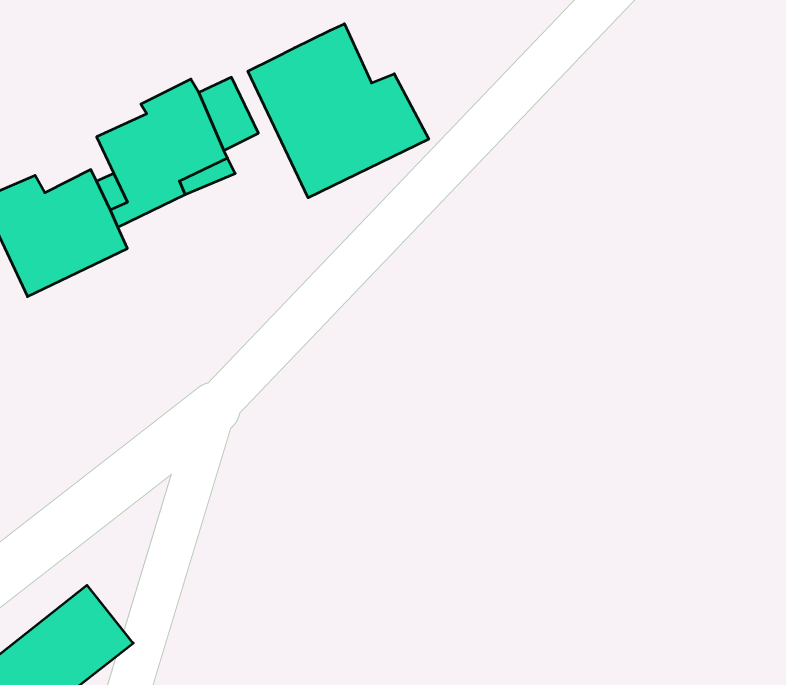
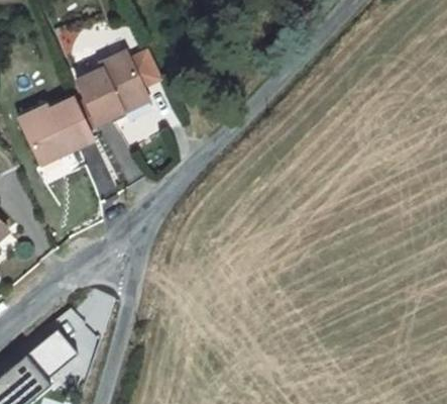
building: [248,24,429,198] -> none

